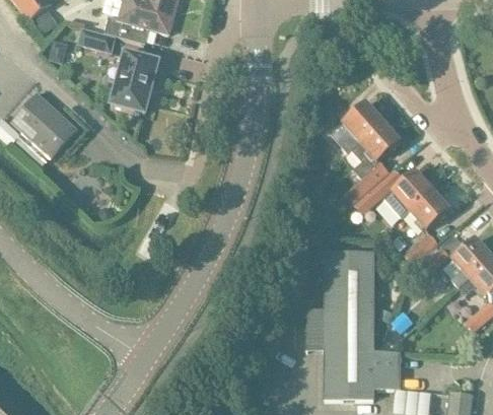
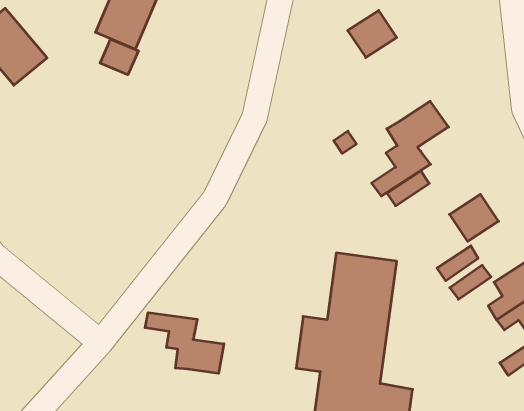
building: [343,102,382,141] -> [348,10,397,58]
building: none -> [100,39,138,75]
building: [385,170,432,216] -> none
building: none -> [145,313,224,373]

